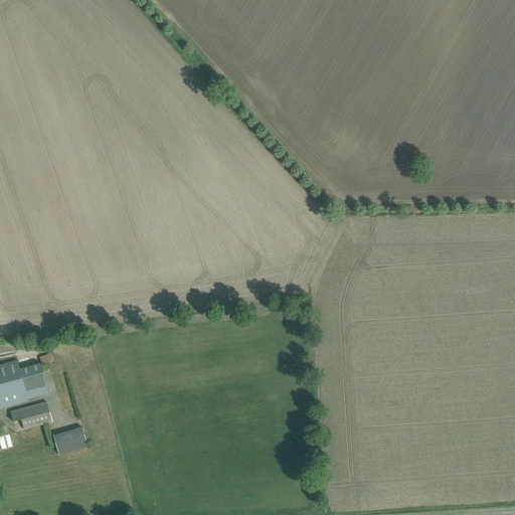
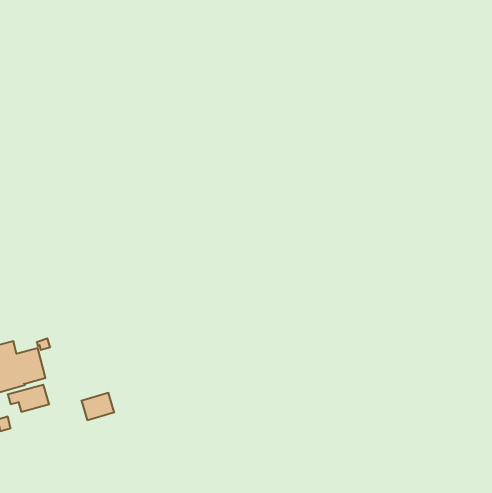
building: [52,426,87,455] -> [81,393,114,420]

